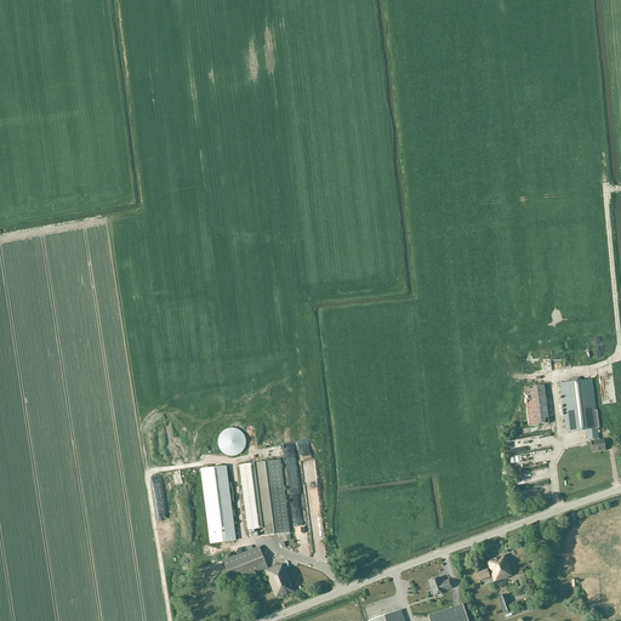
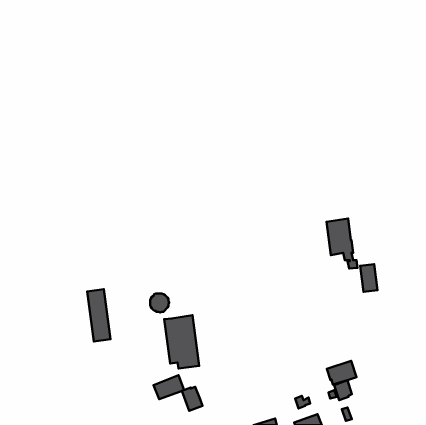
building: [560,378,605,451] -> [327,219,357,269]
building: [201,466,235,542] -> [87,289,111,342]
building: none -> [327,361,356,385]

